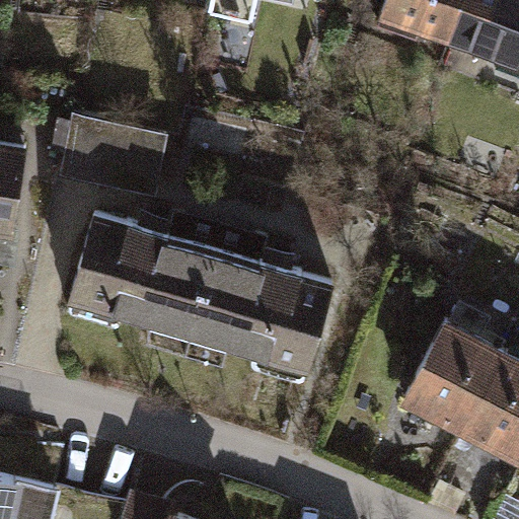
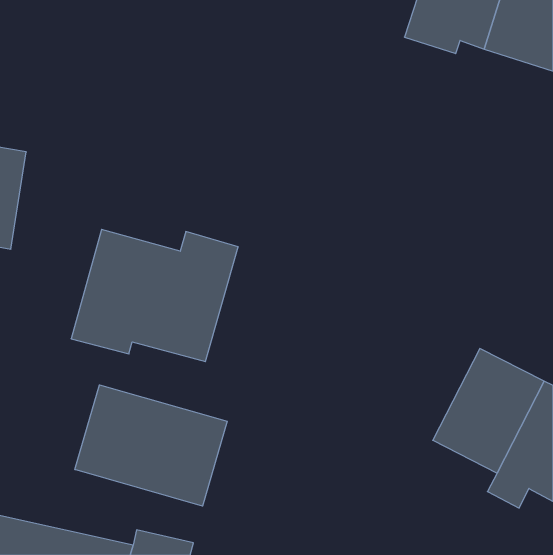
building: [59,118,167,198] -> none
building: [191,229,337,387] -> none
building: none -> [75,385,227,506]

